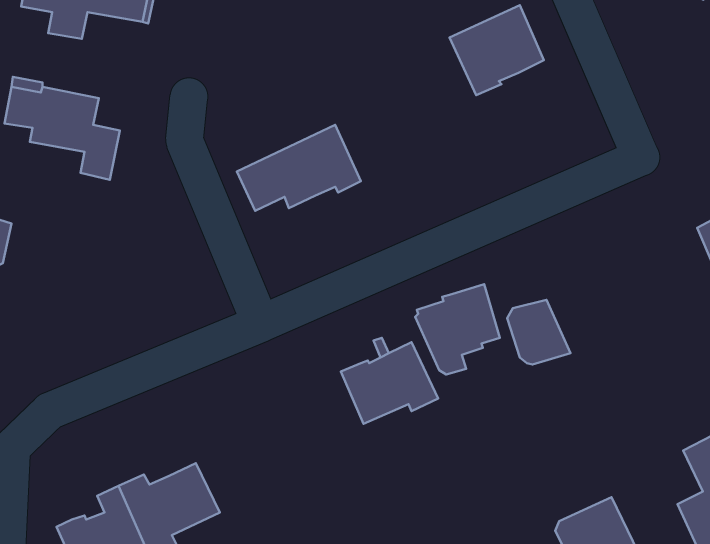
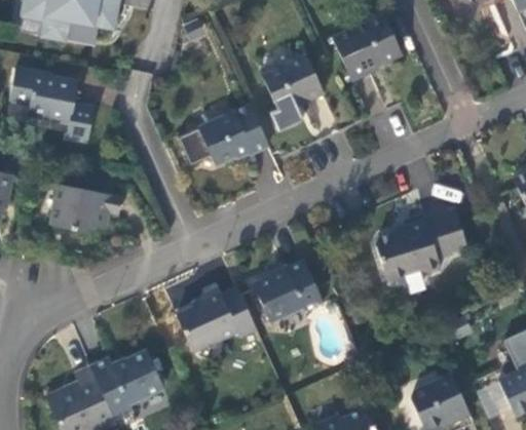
building: none -> [262,55,324,112]
building: none -> [50,184,121,231]
building: [415,284,500,375] -> [404,207,465,273]
building: none -> [177,286,256,351]

